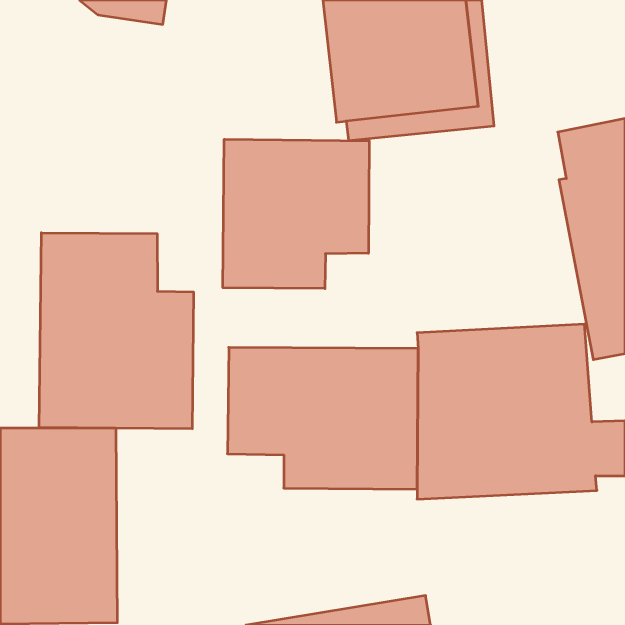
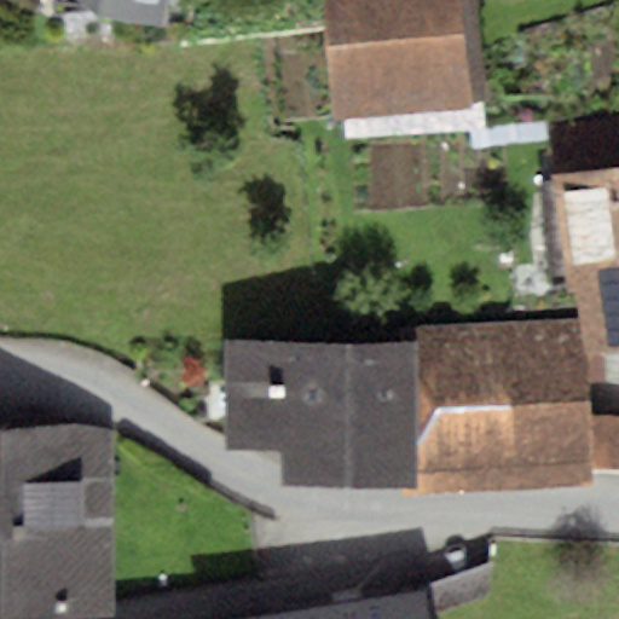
building: [223,139,369,289] -> none
building: [39,233,193,429] -> none

